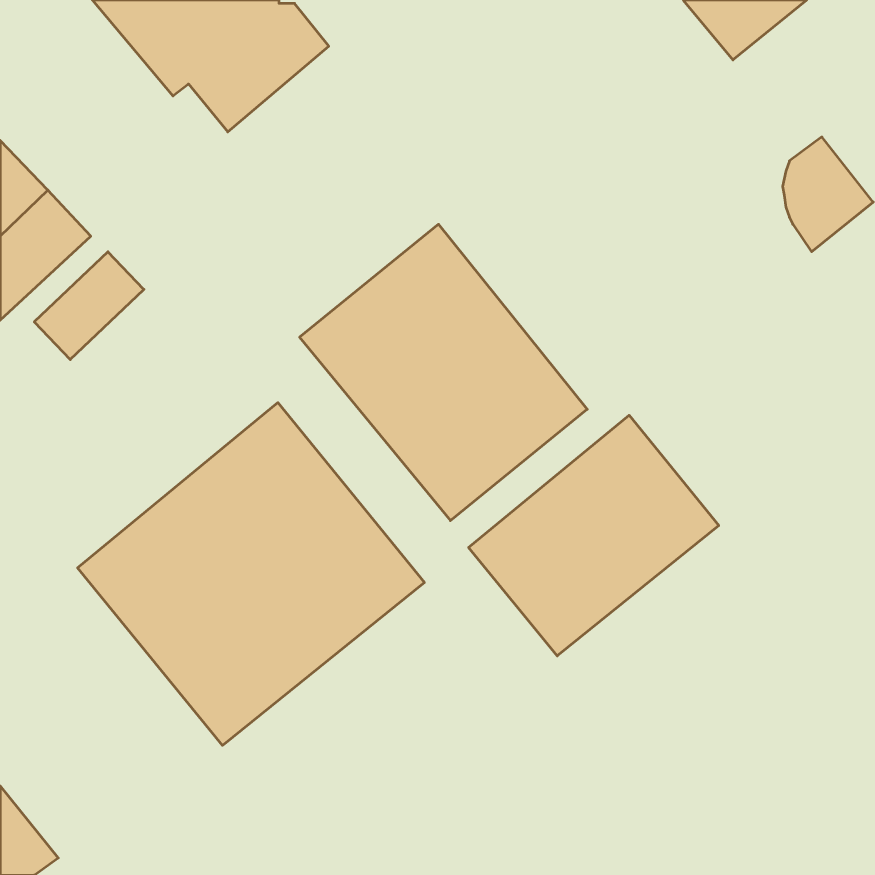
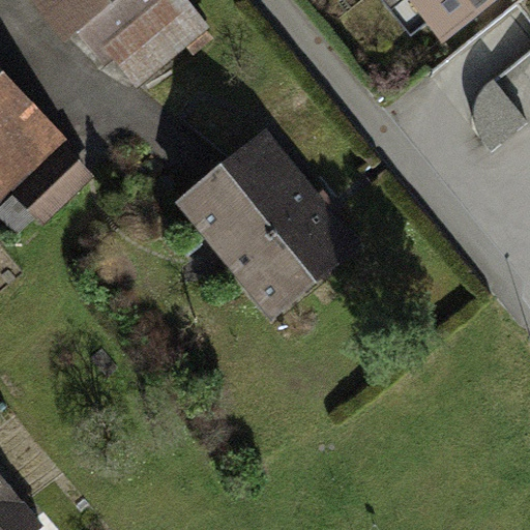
building: [78,403,424,745] -> none
building: [469,415,719,656] -> none

